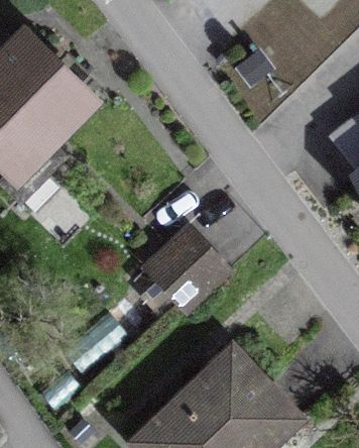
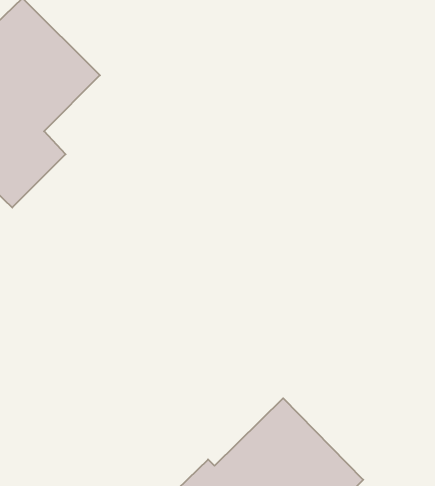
building: [144,225,228,309] -> none

